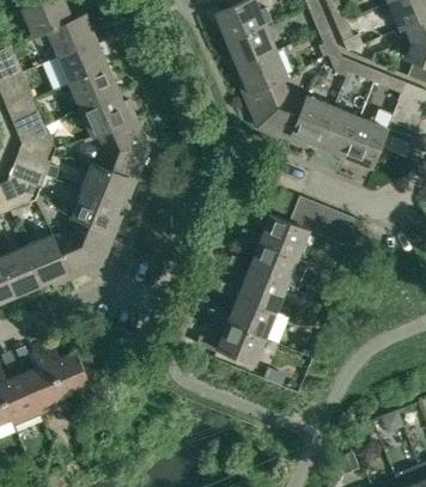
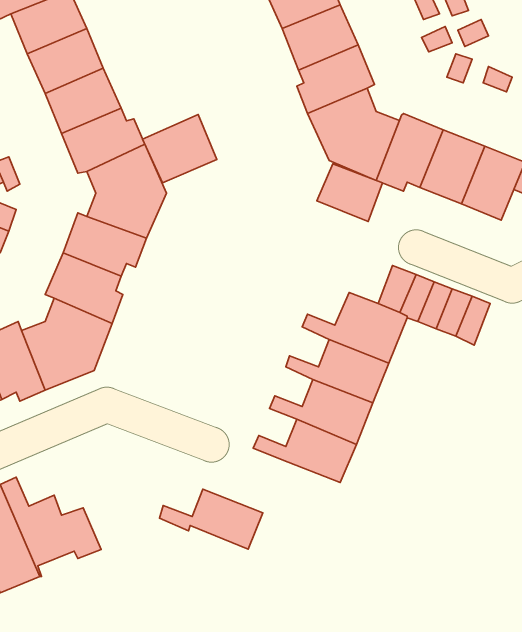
building: none -> [142,114,217,183]
building: none -> [317,164,383,222]
building: [196,325,264,365] -> [160,489,263,549]

